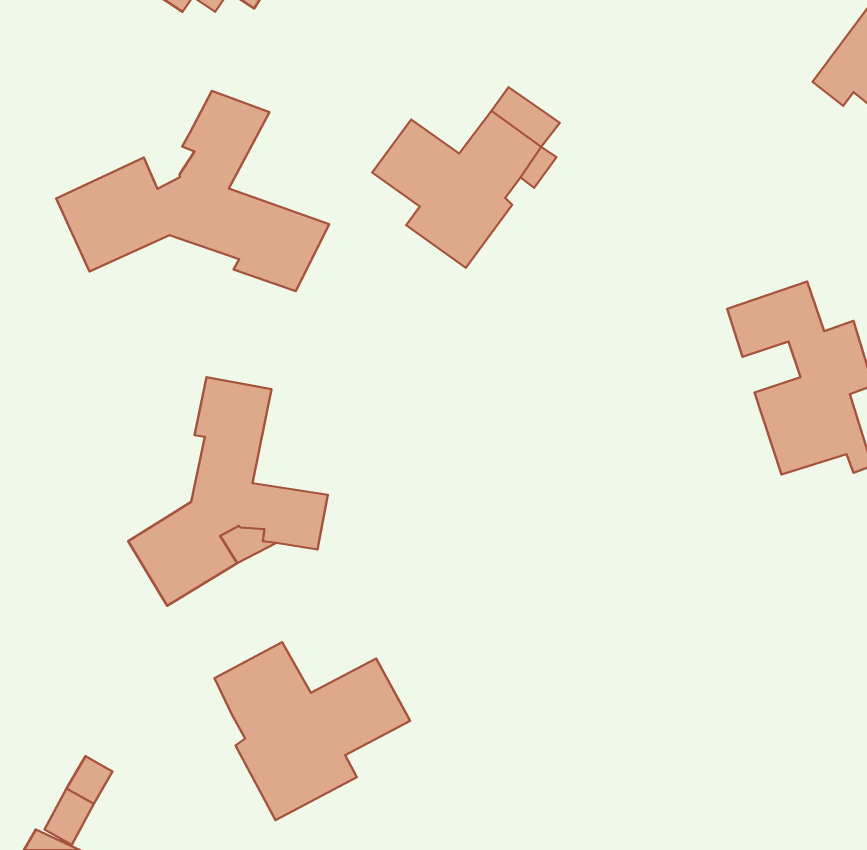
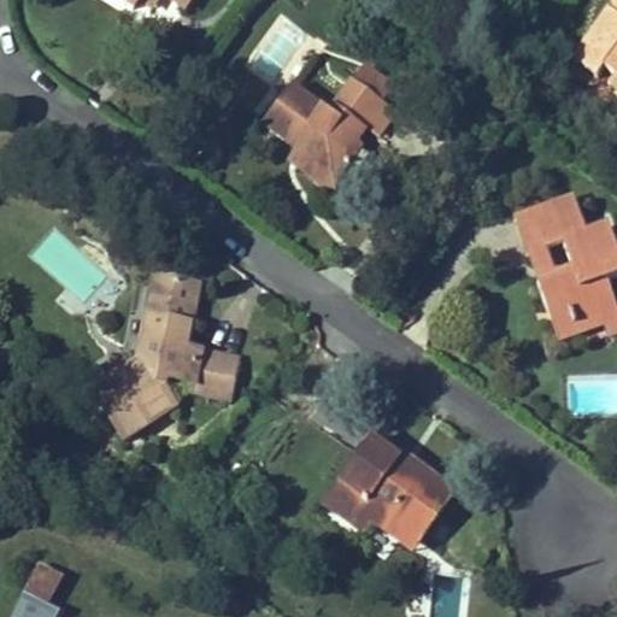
building: [56,91,329,291] -> none
building: none -> [323,433,449,546]
building: [215,642,410,820] -> none

